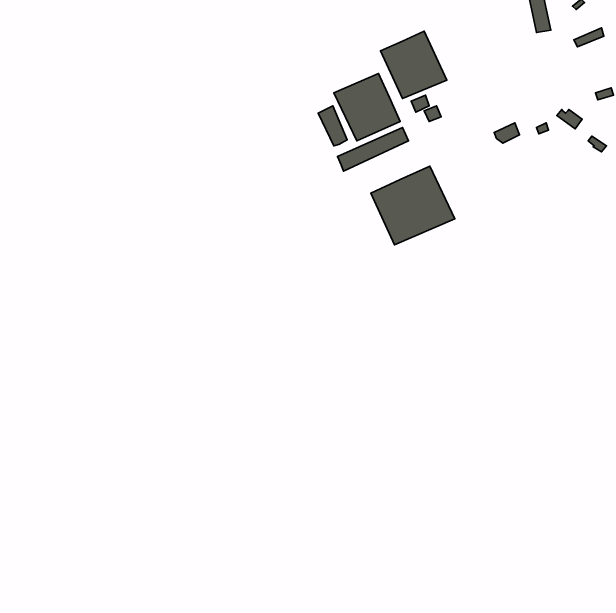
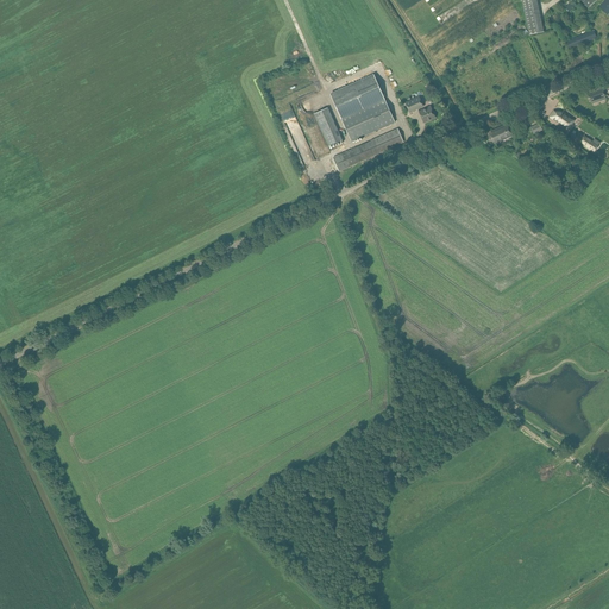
building: [381,31,447,99] -> none
building: [371,166,455,245] -> none

